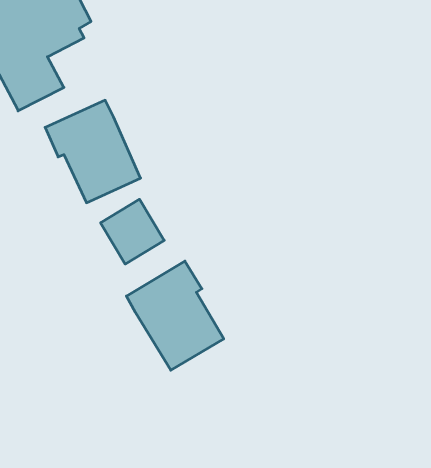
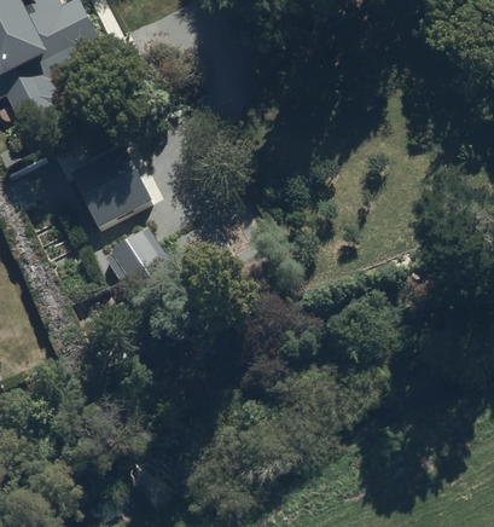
building: [126,261,224,370] -> none

